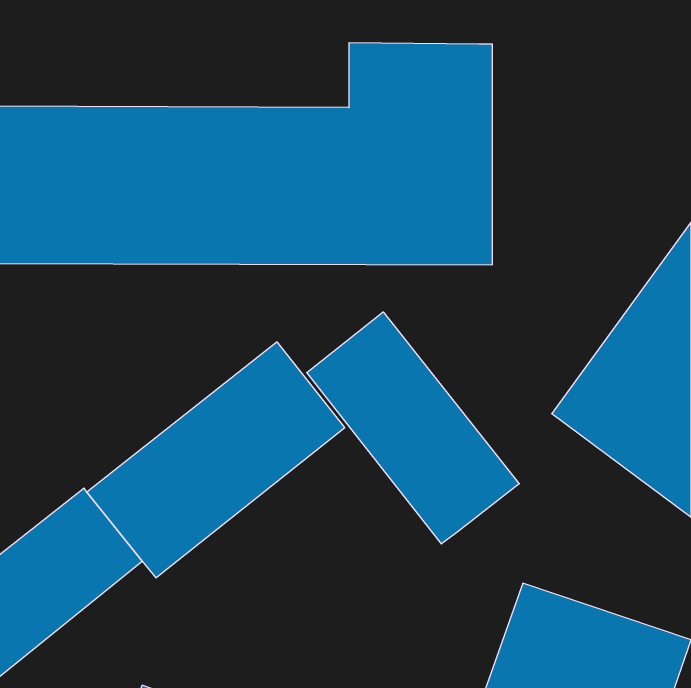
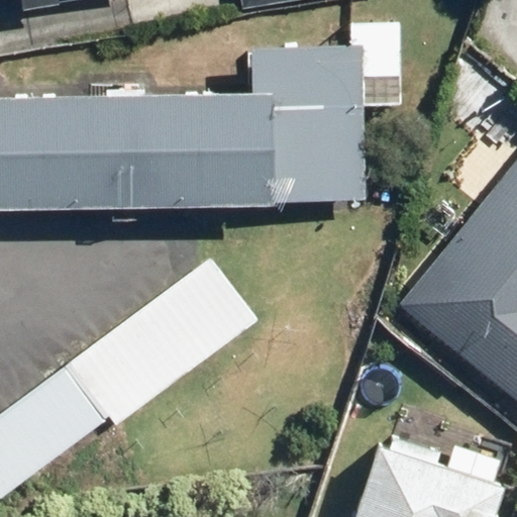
building: [307,312,519,544] -> none

